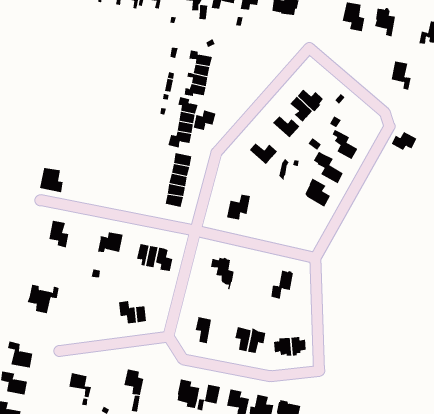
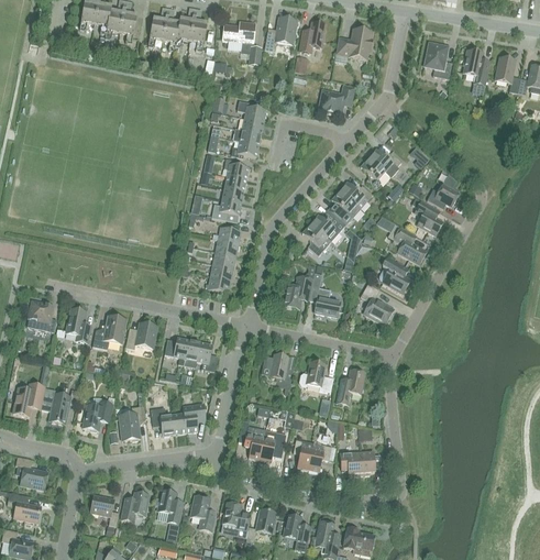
building: none -> [318,85,354,113]
building: [391,61,412,90] -> [495,56,520,92]
building: [193,110,216,131] -> none
building: none -> [331,189,360,222]
building: [391,131,417,151] -> [427,184,459,208]
building: none -> [302,222,331,255]
building: [39,168,64,193] -> [26,300,56,331]
building: none -> [309,273,340,316]
building: none -> [360,283,394,325]
building: none -> [92,316,125,349]
building: none -> [299,361,333,392]
building: none -> [12,383,45,416]
building: none -> [82,400,113,430]
building: none -> [183,403,205,431]
building: none -> [119,405,145,439]
building: none -> [260,429,283,461]
building: none -> [121,492,150,520]
building: none -> [190,495,216,530]

